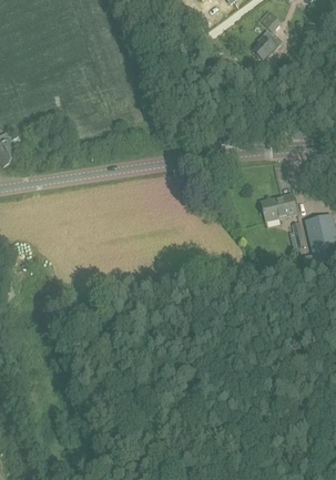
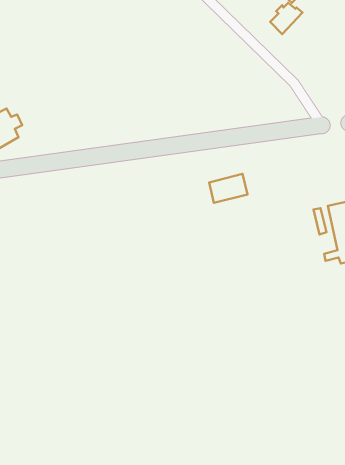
building: [262,193,297,219] -> [209,174,247,203]

